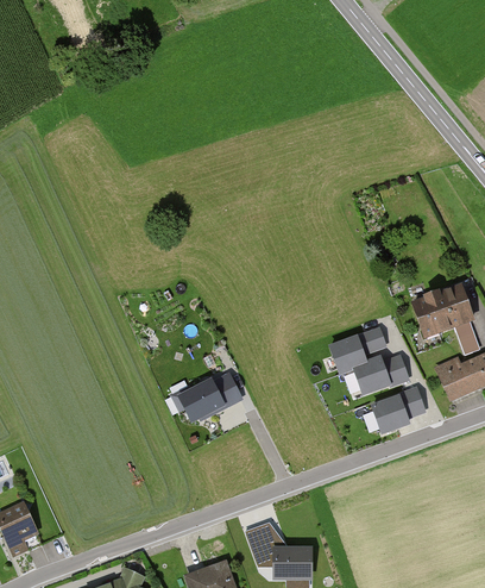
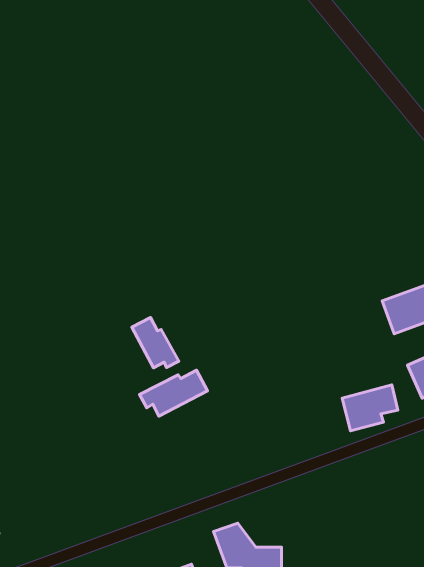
building: none -> [132,317,179,368]
building: [329,325,410,394] -> none

